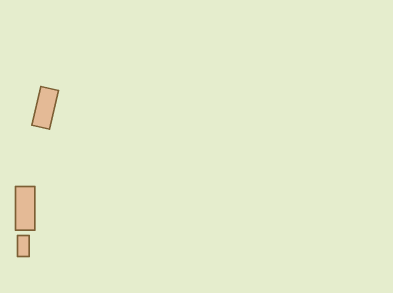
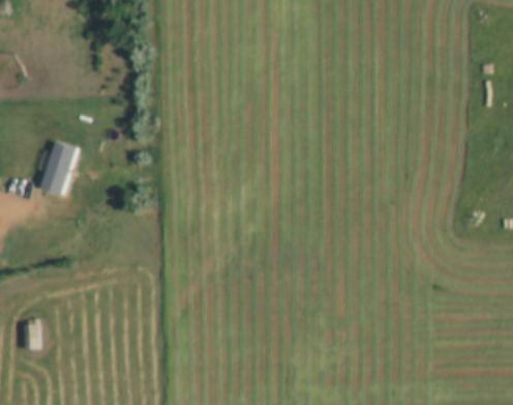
building: [15,187,35,230] -> none

